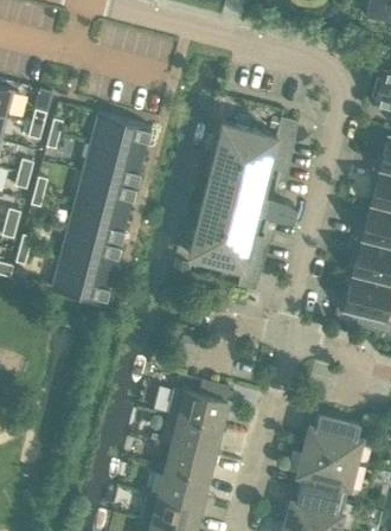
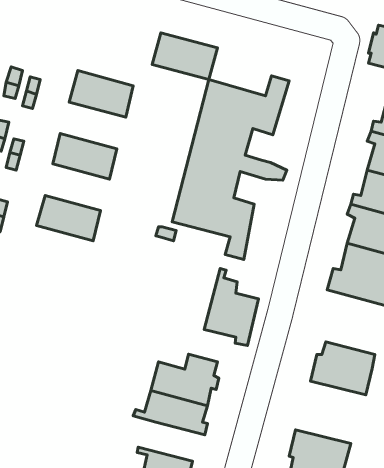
building: [81,143,142,187] -> [152,33,218,79]
building: [66,201,127,245] -> none
building: [50,260,111,303] -> none
building: none -> [204,269,258,346]
building: [302,415,363,465] -> [311,342,375,395]
building: [154,444,217,481] -> none

